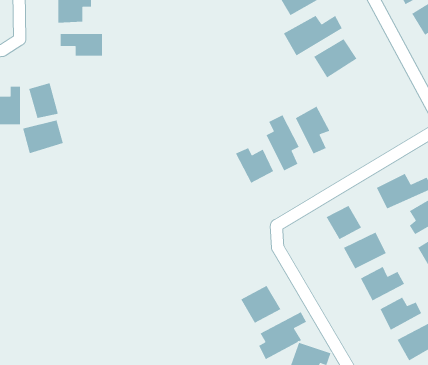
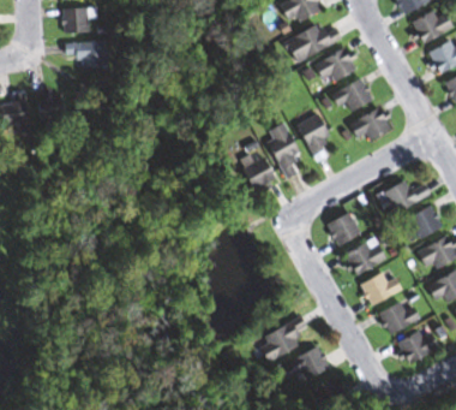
building: none -> [331,76,374,112]
building: none -> [349,106,392,139]
building: [22,119,64,154] -> none
building: [240,285,281,324] -> none

